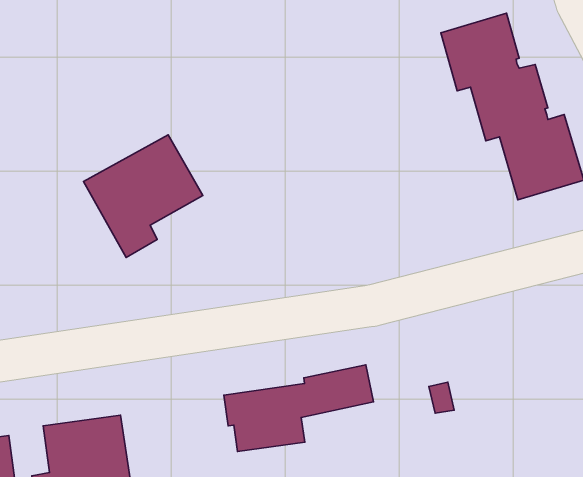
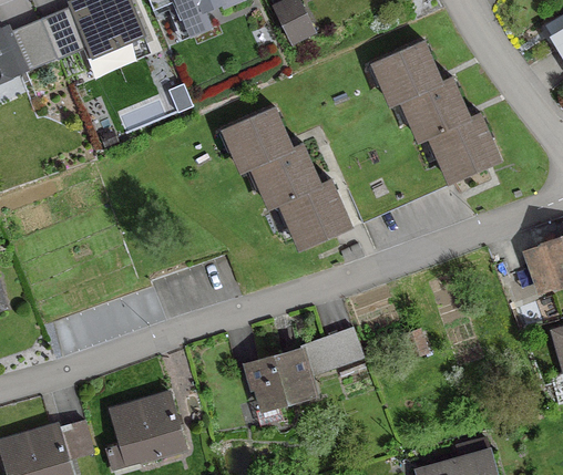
building: none -> [224,107,350,249]
building: [84,135,203,258] -> none

